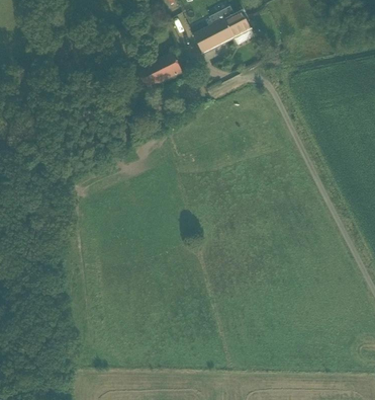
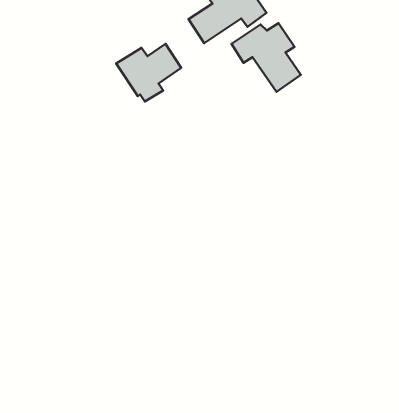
building: none -> [232,23,301,92]

